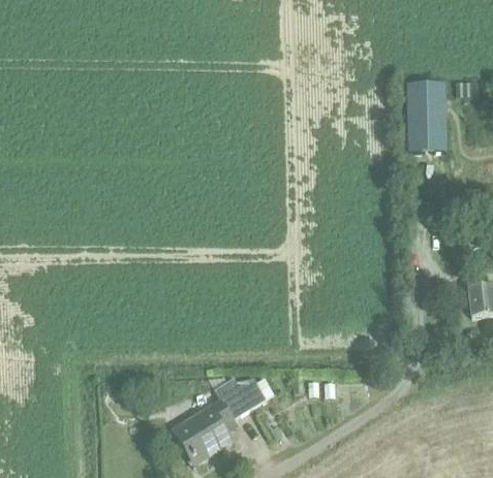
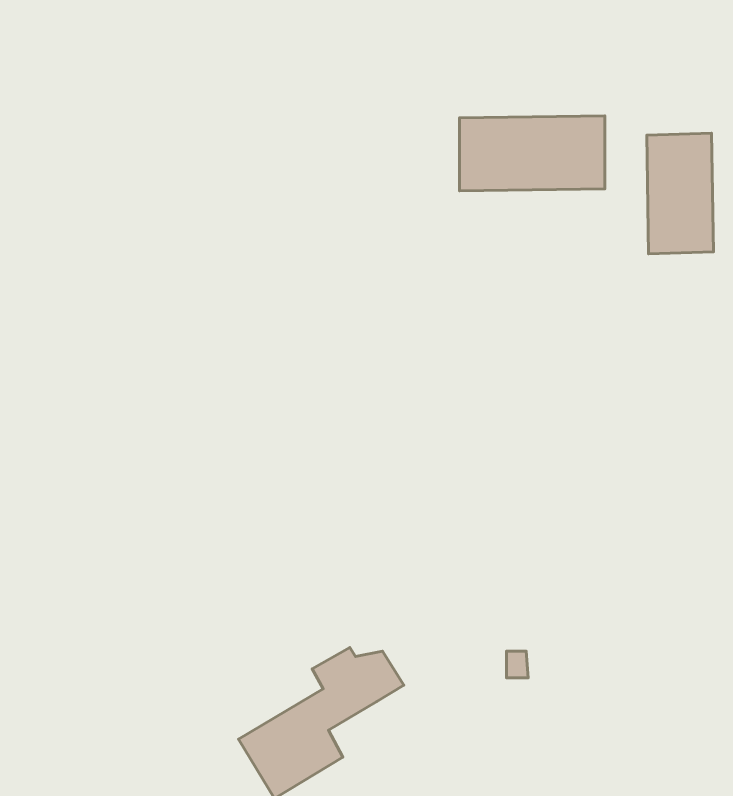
building: none -> [459,116,605,191]

